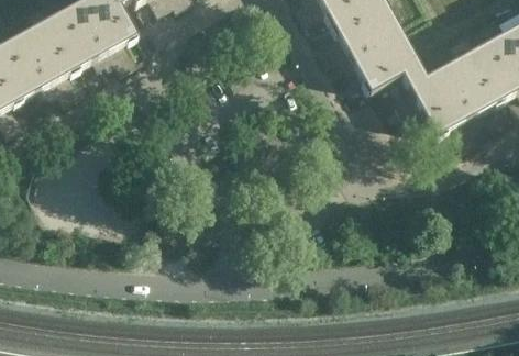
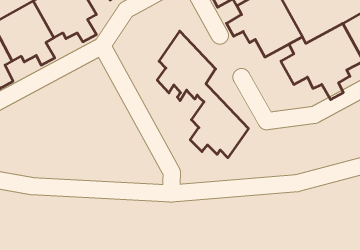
building: none -> [157,31,248,158]

